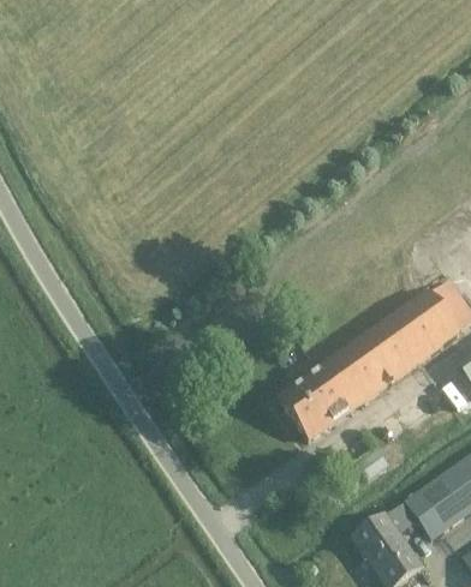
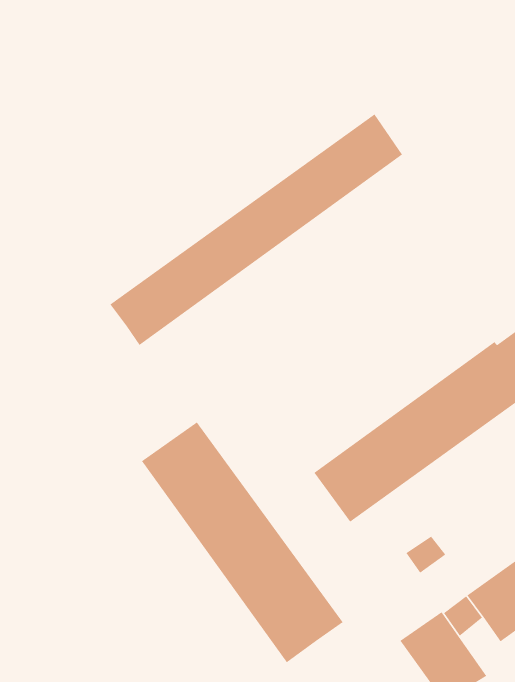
building: none -> [110,113,403,346]
building: none -> [141,421,343,663]

